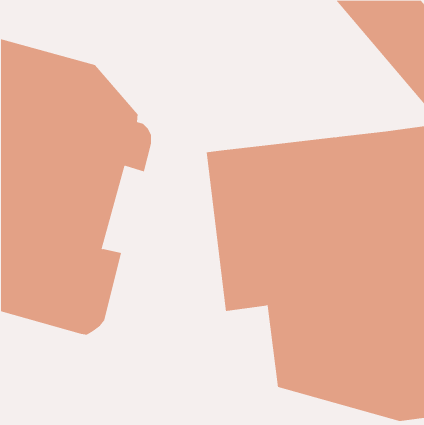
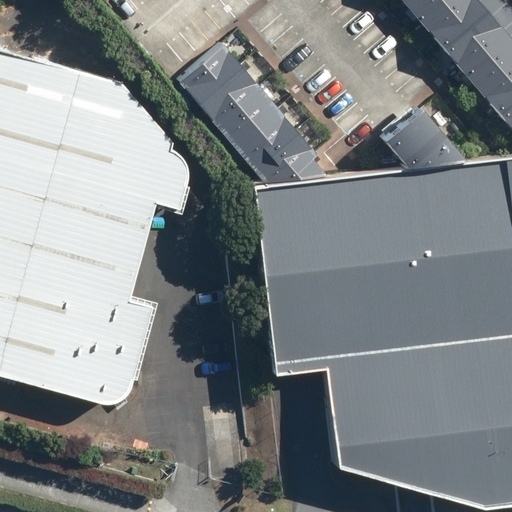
building: none -> [179,46,328,184]
building: none -> [383,108,465,168]

